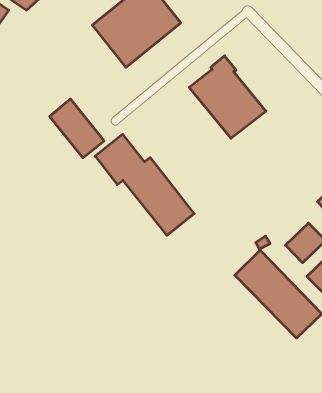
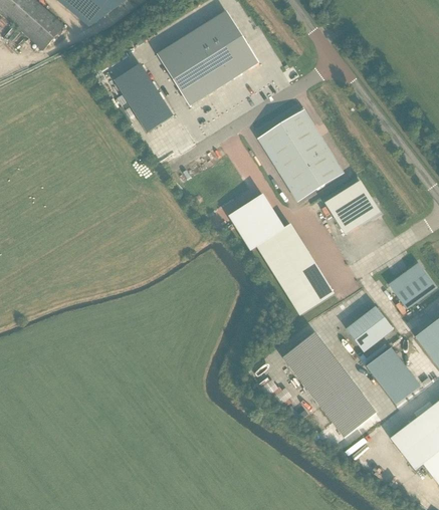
building: [50,99,104,158] -> [114,63,172,132]
building: none -> [325,181,379,234]
building: [95,134,194,235] -> [228,194,333,314]

